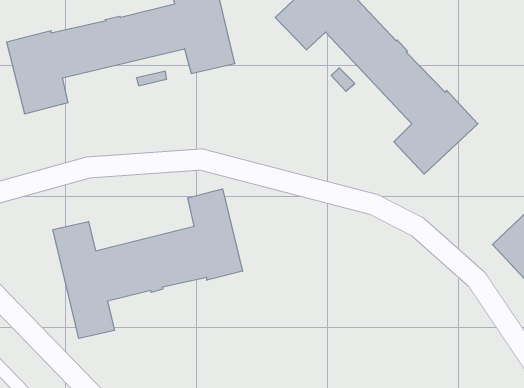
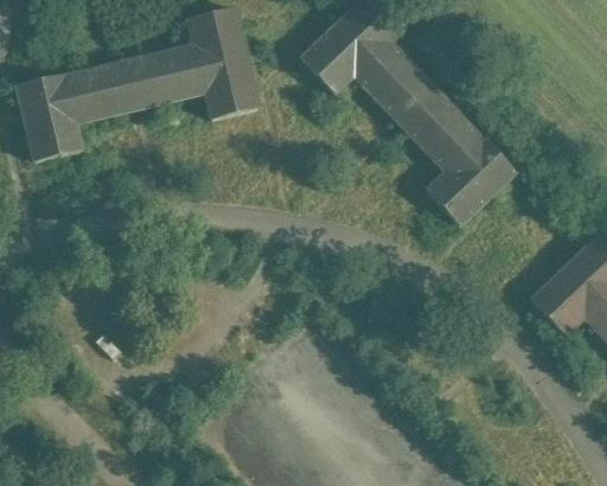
building: [53,189,243,338] -> none

